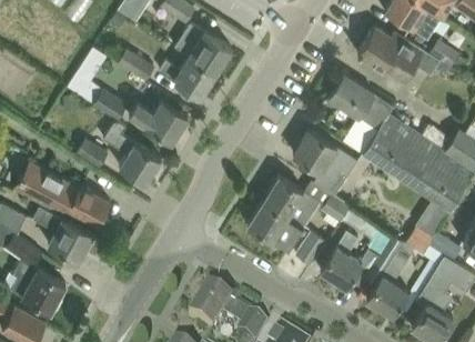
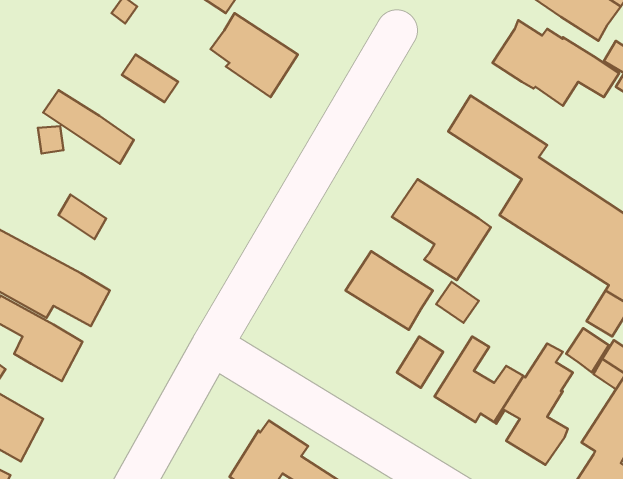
building: [159,54,213,95] -> none
building: [128,97,186,140] -> none
building: [102,120,160,182] -> none
building: [247,200,303,249] -> none

